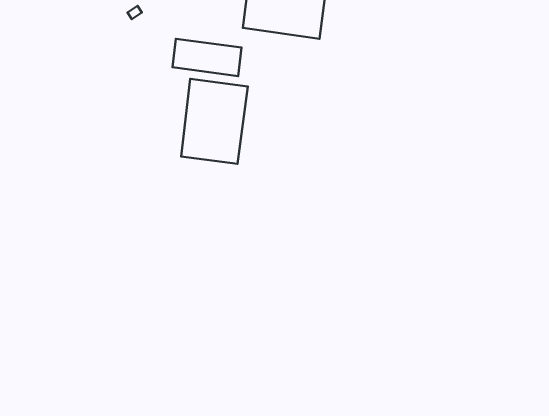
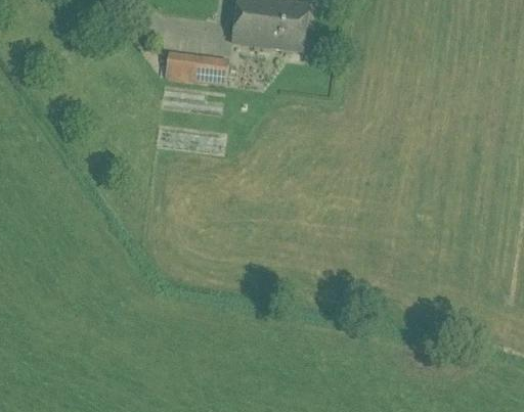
building: [181,79,248,164] -> none

